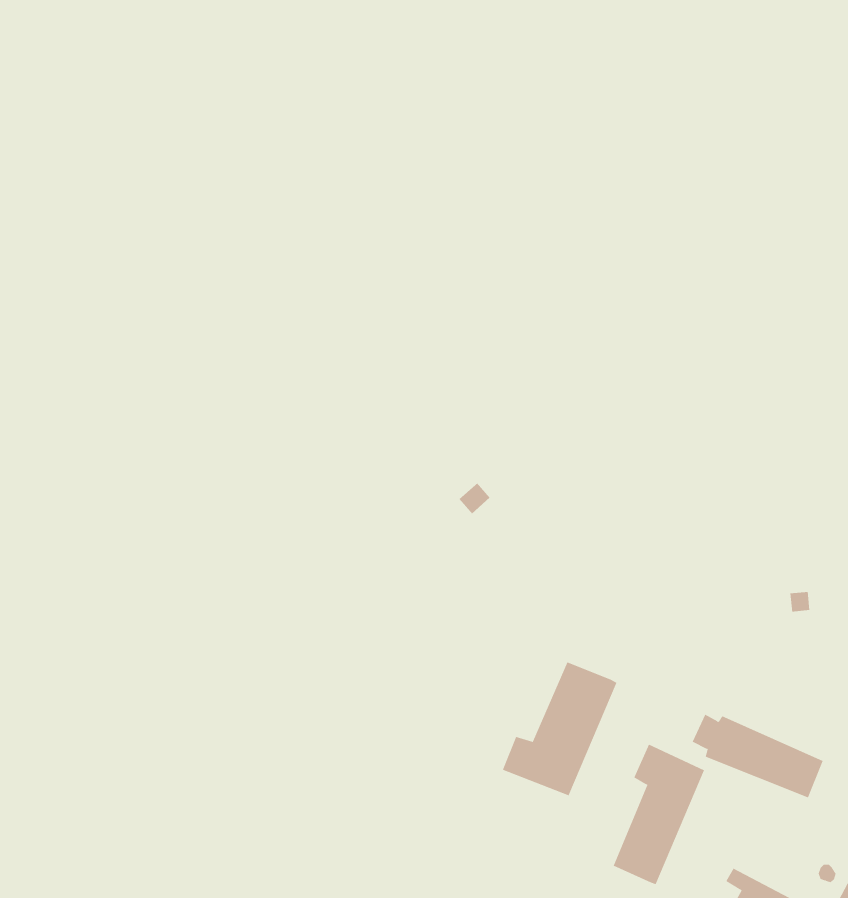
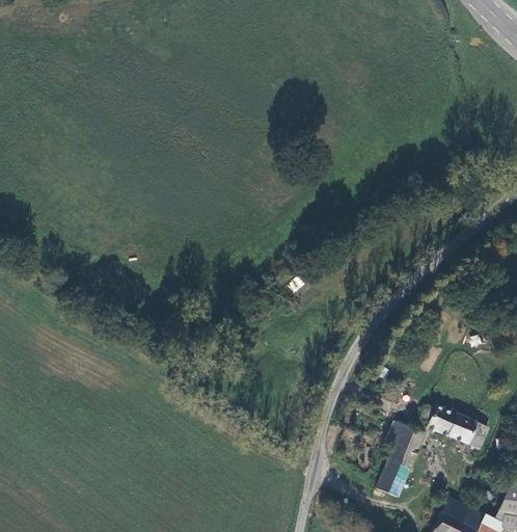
building: [502,661,617,796] -> none

